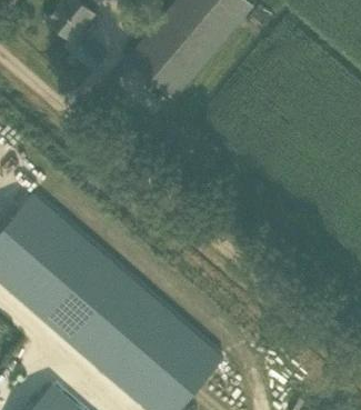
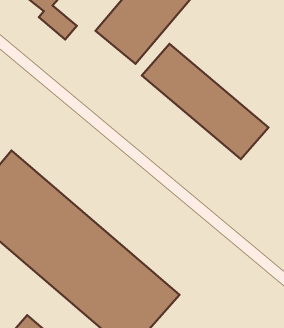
building: none -> [142,44,268,159]

